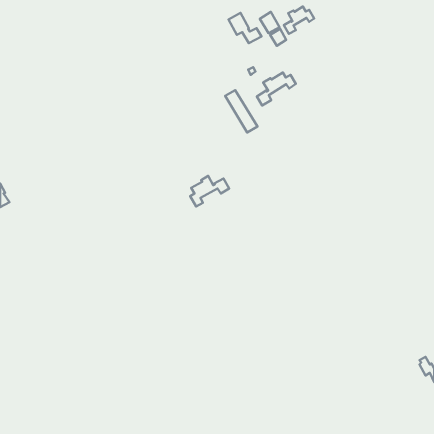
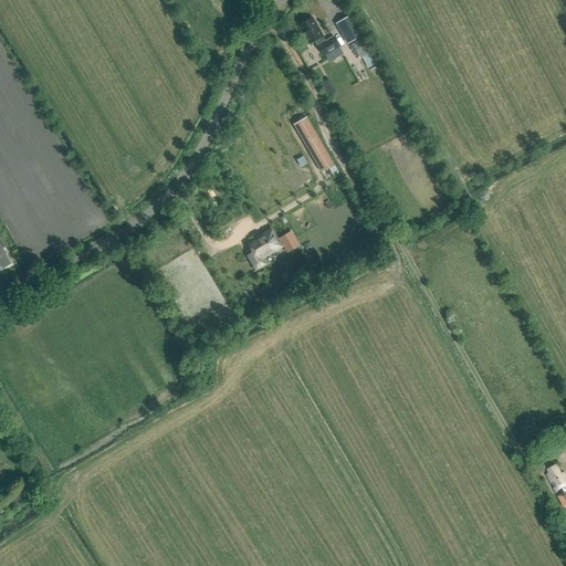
building: [284,7,314,34] -> none
building: [257,72,296,106] -> none

